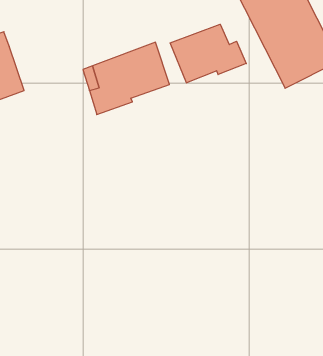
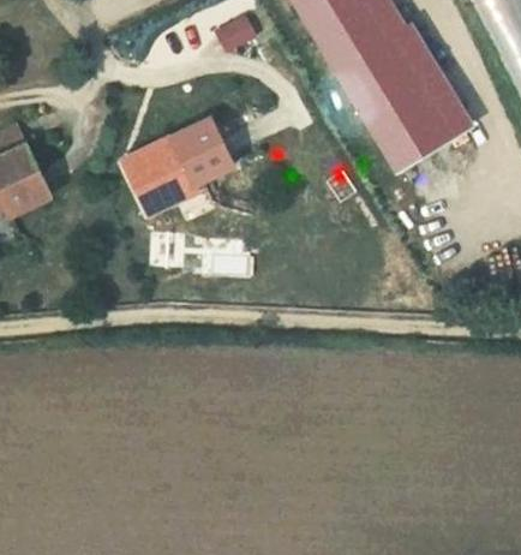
building: [170,24,246,83] -> none

